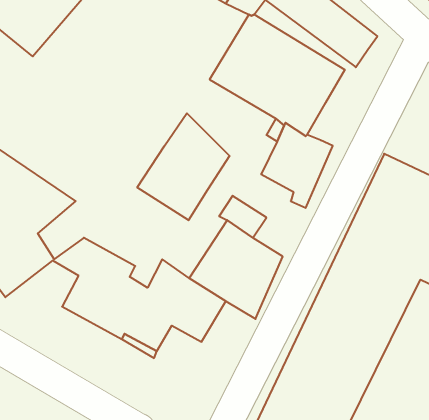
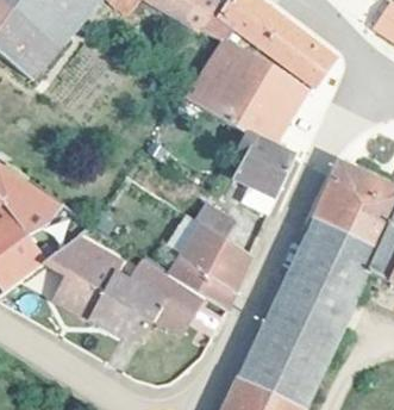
building: [137,113,230,220] -> none

